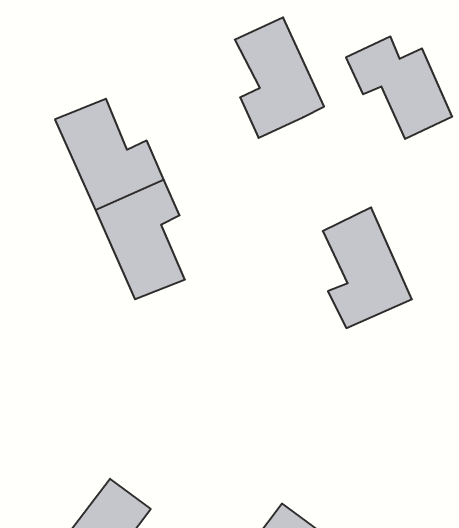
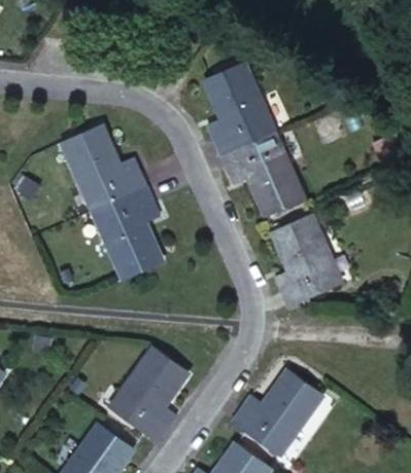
building: [346,37,452,139] -> [219,140,303,220]
building: none -> [112,348,191,444]
building: none -> [233,368,326,454]

